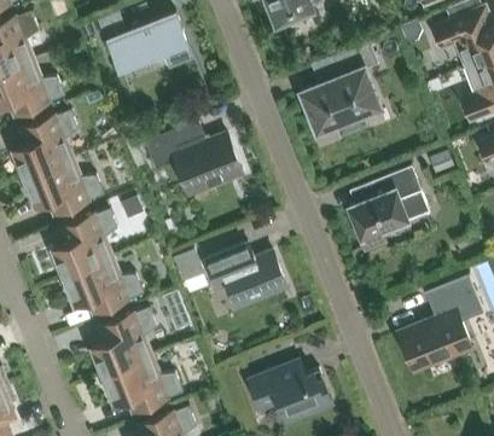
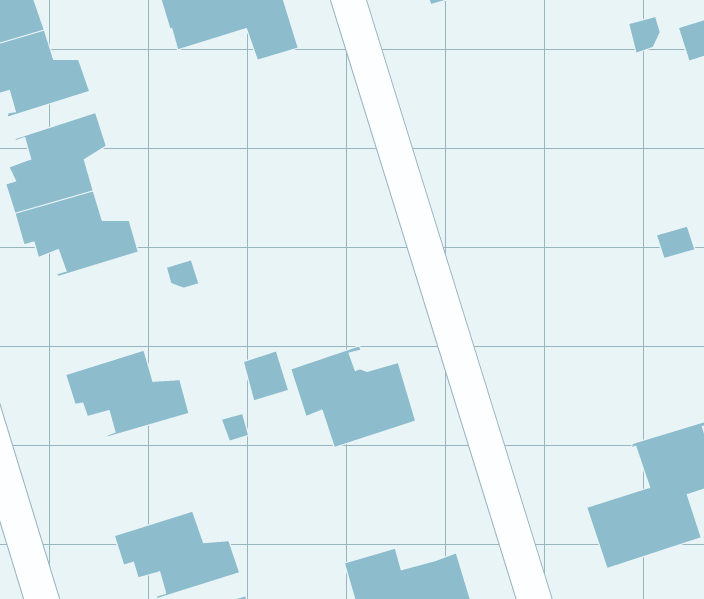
building: [302,45,377,135] -> none
building: [145,121,242,193] -> none
building: [348,167,420,251] -> none
building: [56,209,116,277] -> none
building: [94,308,156,376] -> none

